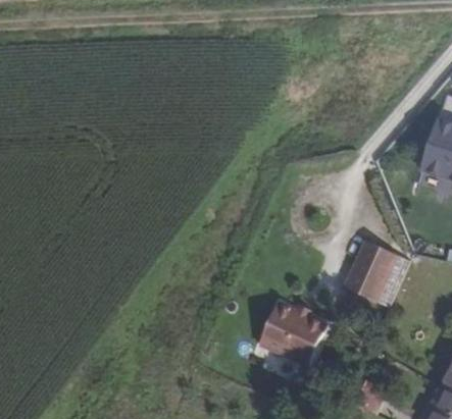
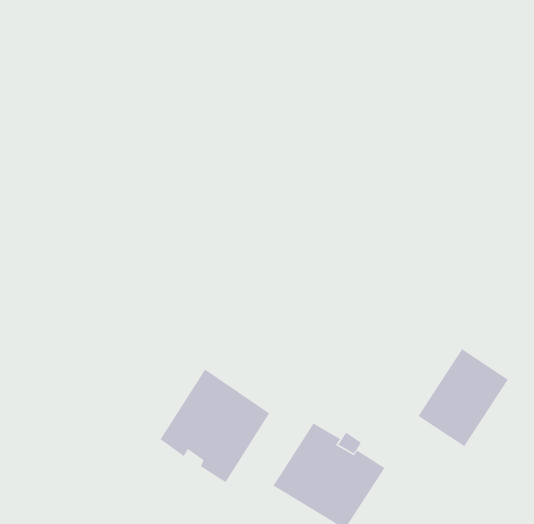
building: none -> [159,368,270,483]

